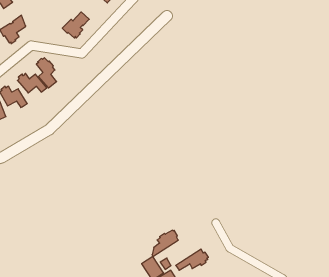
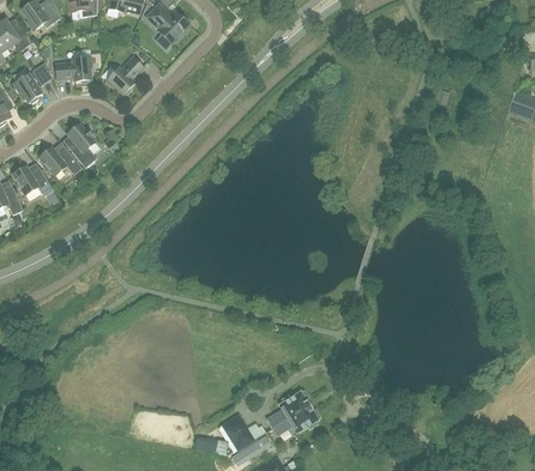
building: none -> [54,55,90,81]
building: [152,230,178,256] -> [270,388,308,427]

